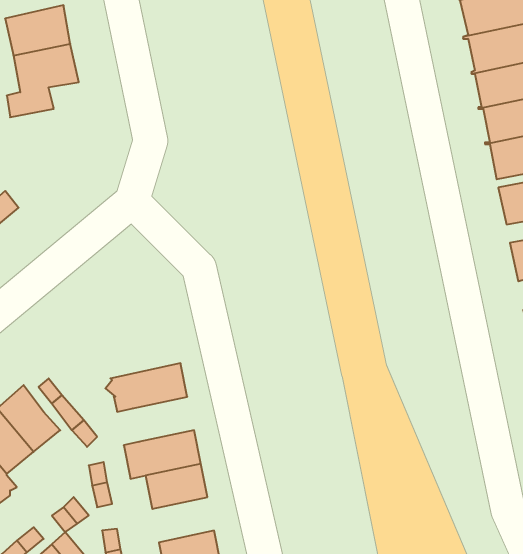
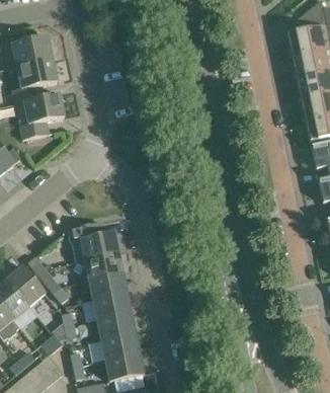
building: none -> [15,93,64,139]
building: none -> [68,222,118,261]
building: none -> [89,272,127,300]
building: none -> [101,333,139,361]

